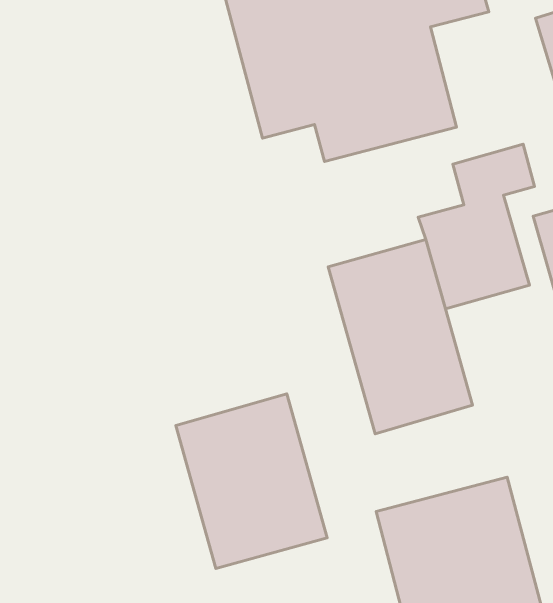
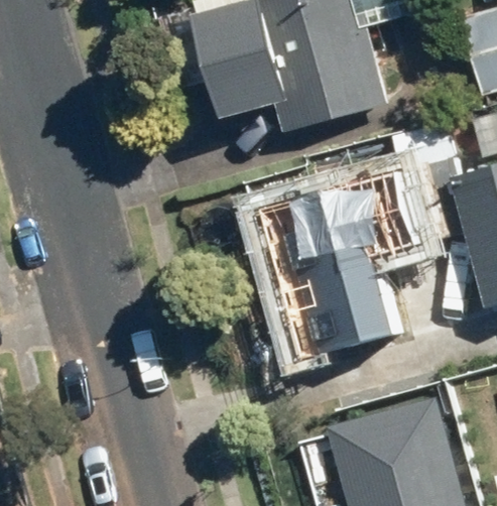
building: [176,394,327,568] -> none

